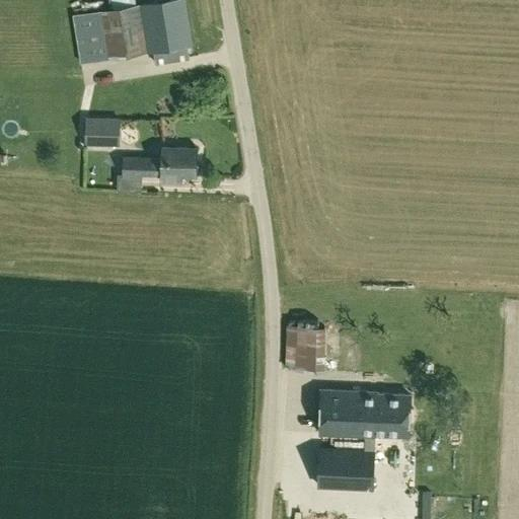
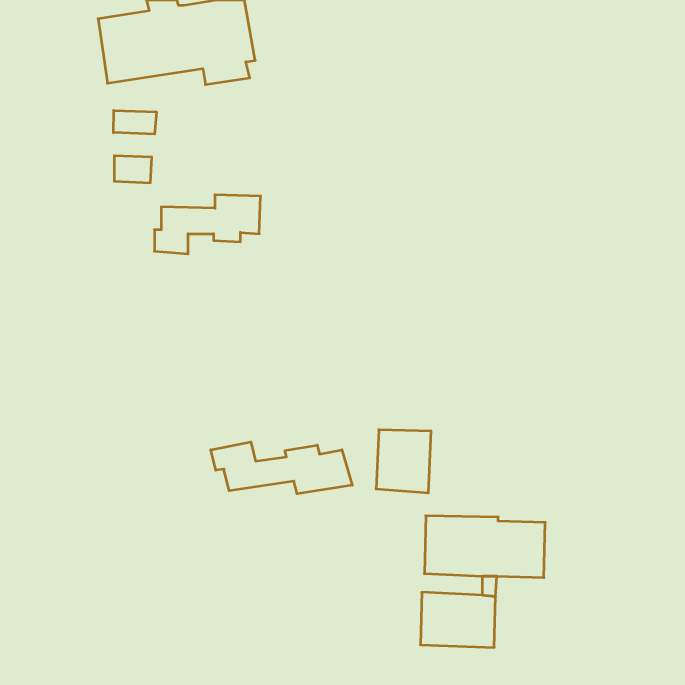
building: none -> [113,110,156,134]
building: none -> [211,442,352,494]

